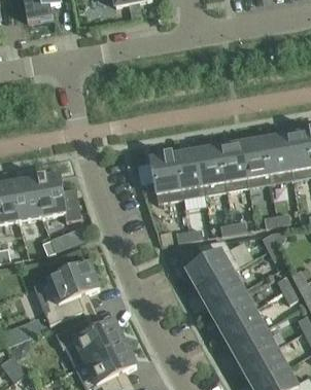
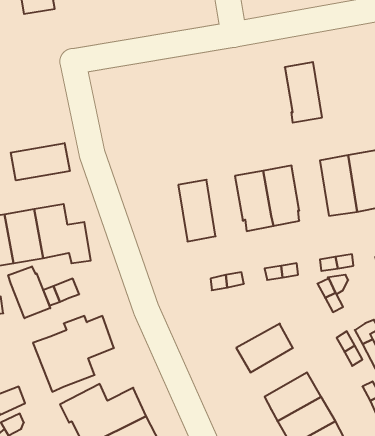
building: none -> [11,143,70,180]
building: [241,137,271,185] -> [285,62,322,123]
building: [173,149,205,198] -> none
building: none -> [8,266,50,318]
building: [185,239,239,287] -> none
building: [208,287,253,326] -> none

